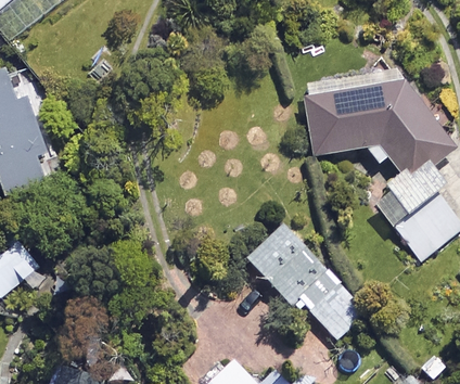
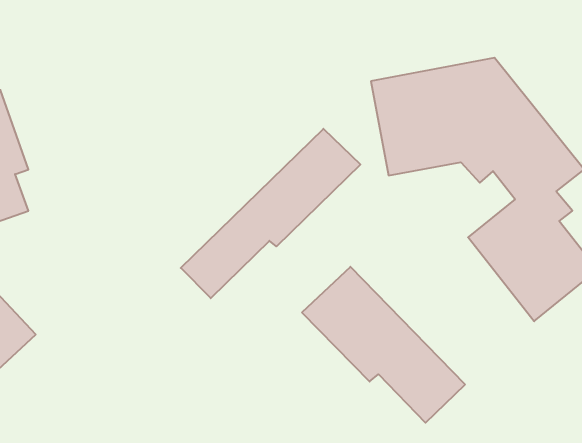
building: none -> [181,129,360,298]

